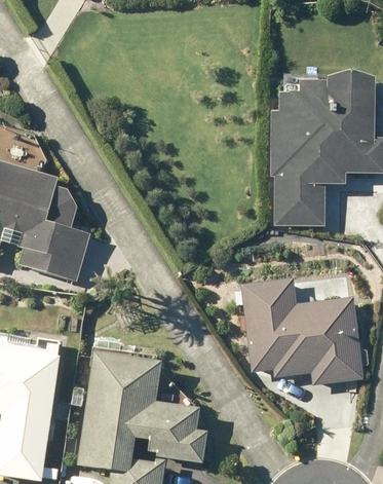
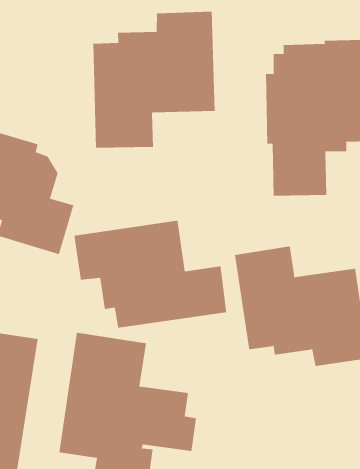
building: none -> [93,11,215,149]
building: none -> [74,220,227,329]

